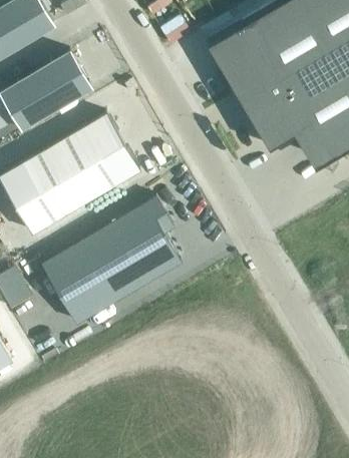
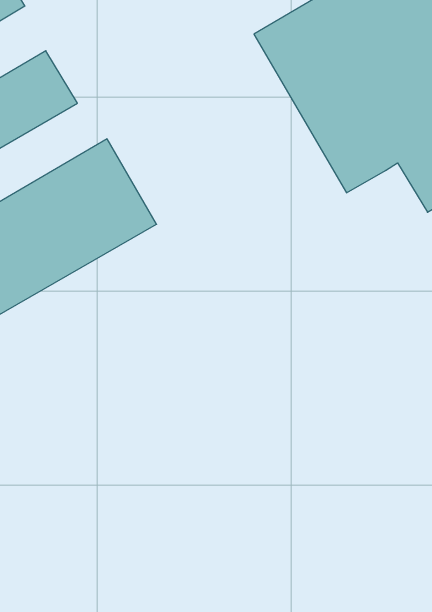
building: [41,198,181,325] -> none

